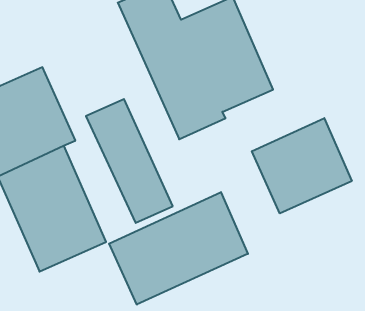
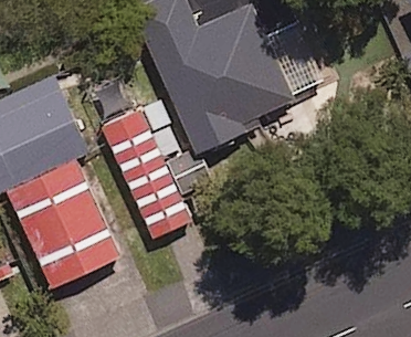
building: [252,118,352,213] -> none
building: [109,192,248,305] -> none

